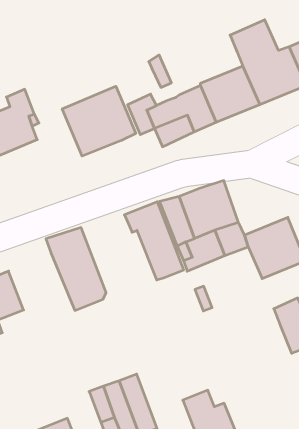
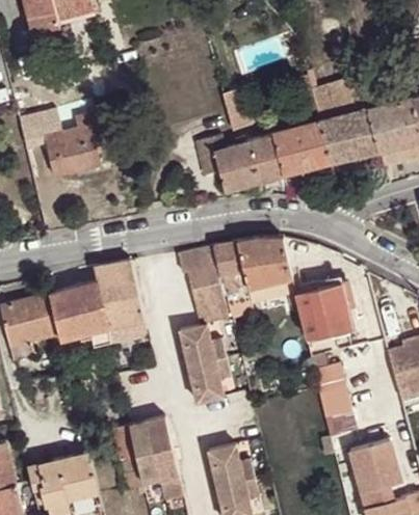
building: [62,86,136,156] -> none
building: none -> [51,282,112,346]
building: none -> [179,324,230,403]

